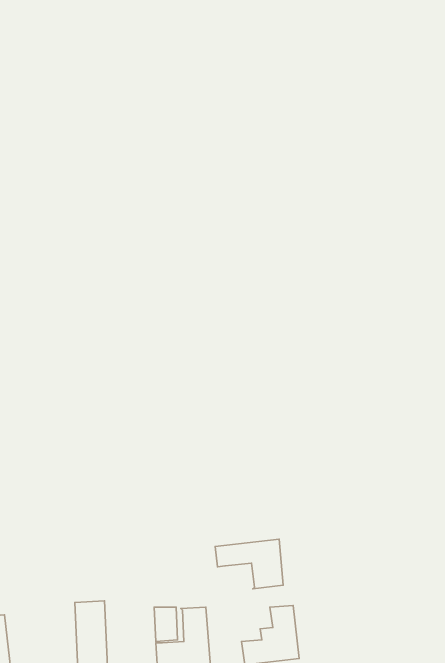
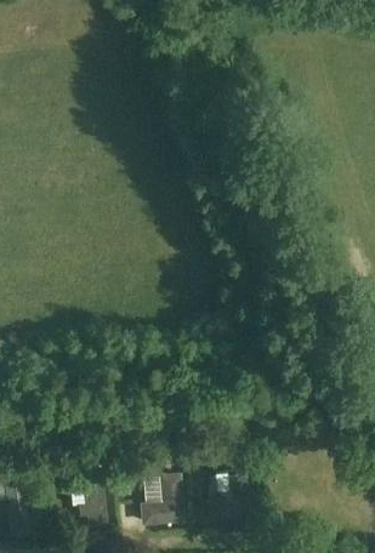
building: [215,539,283,589] -> none

